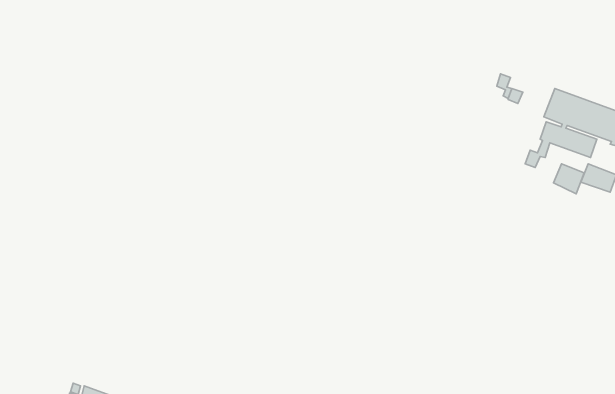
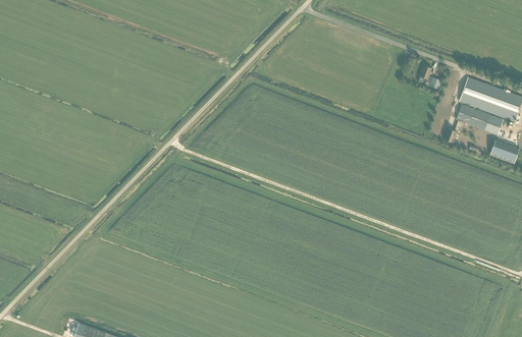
building: [553,164,584,194] -> none

